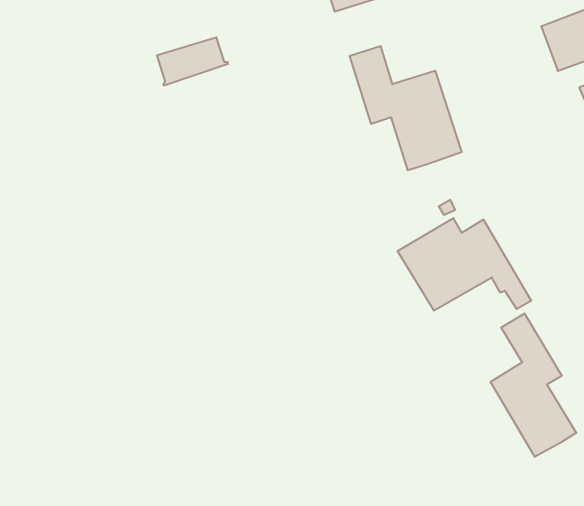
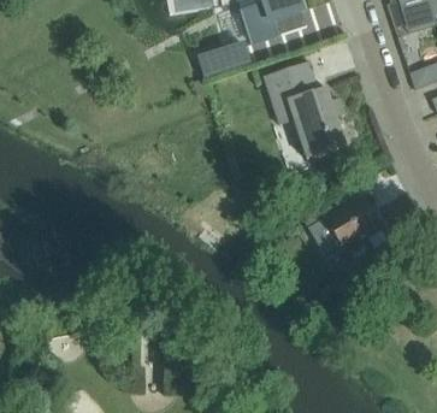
building: [157,37,228,85] -> [199,42,250,77]
building: [491,313,576,457] -> none

